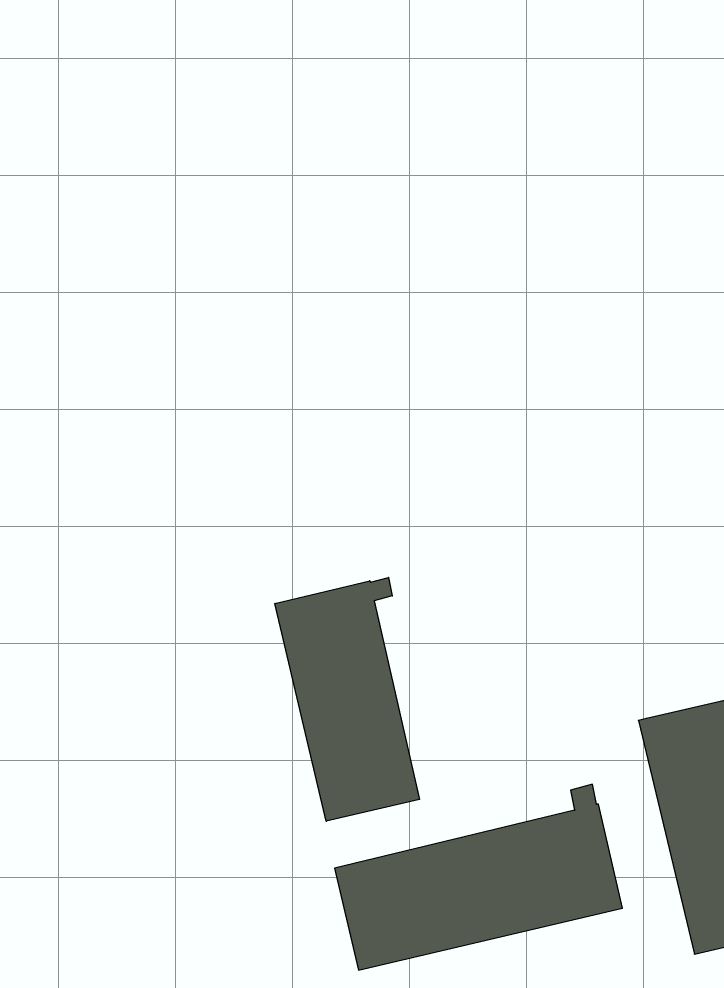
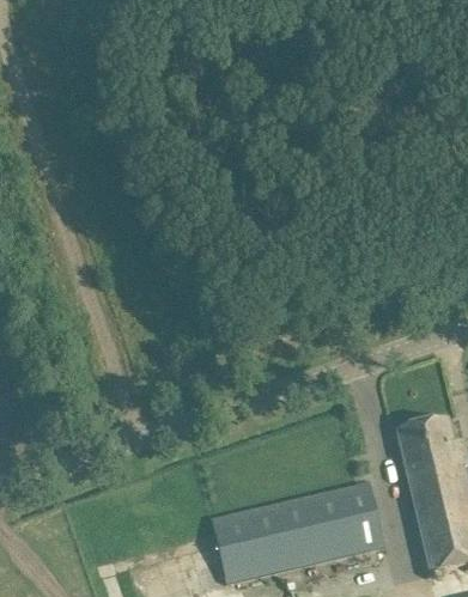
building: [275,577,419,821] -> none

